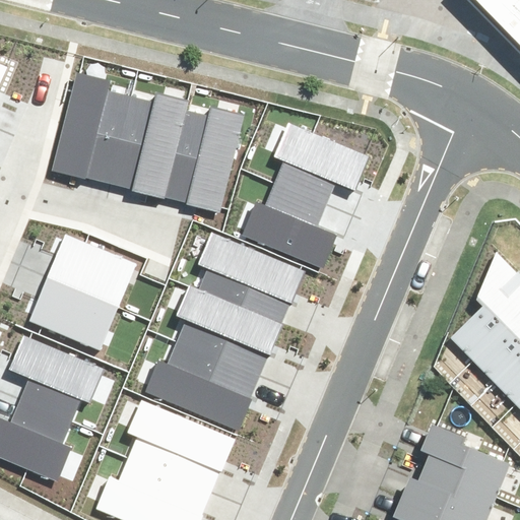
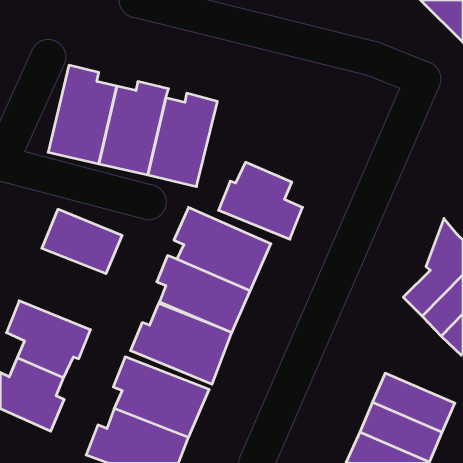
building: [274,122,370,204] -> none
building: [29,278,119,350] -> none

